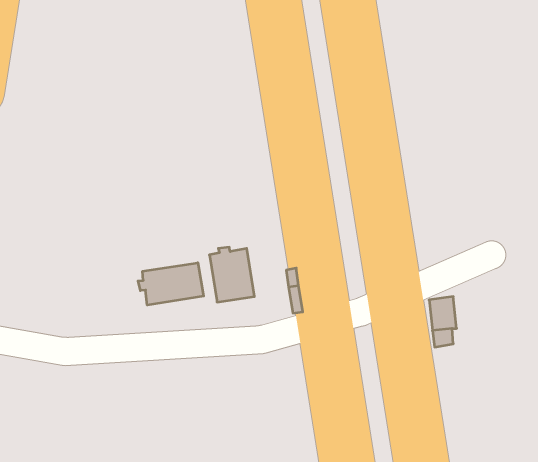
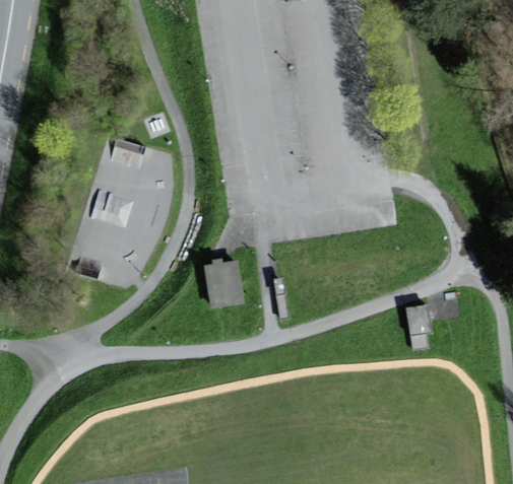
building: [138,263,204,305] -> none

